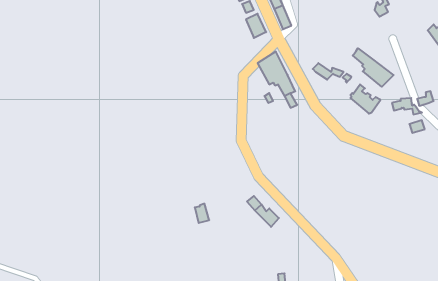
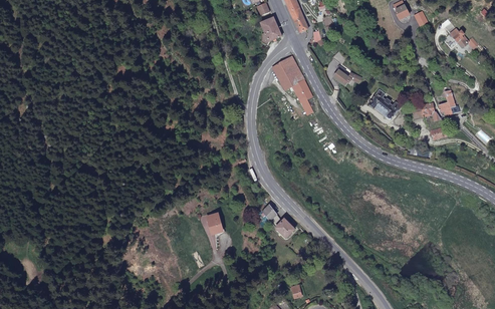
building: [353,48,394,87] -> none

